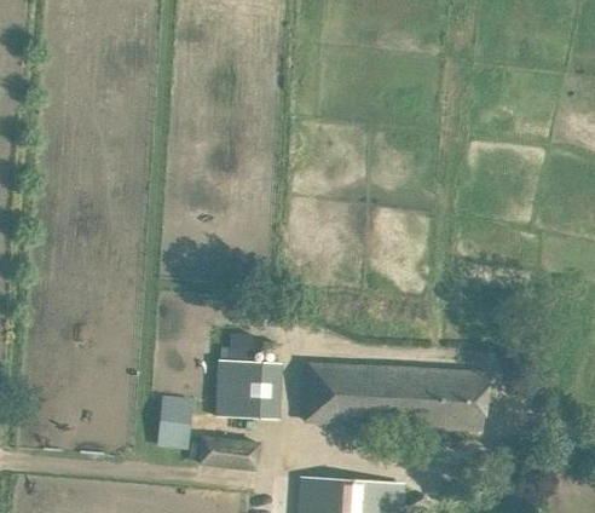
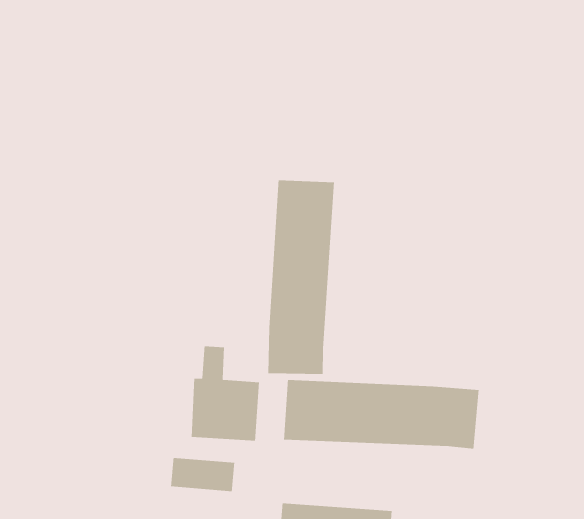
building: none -> [267,180,335,375]
building: [155,396,191,449] -> none

